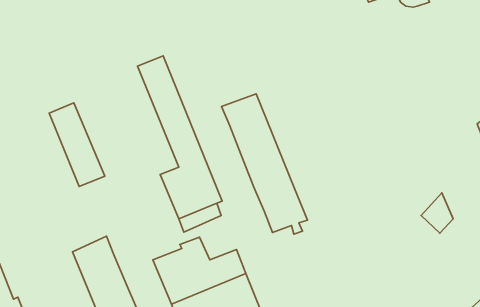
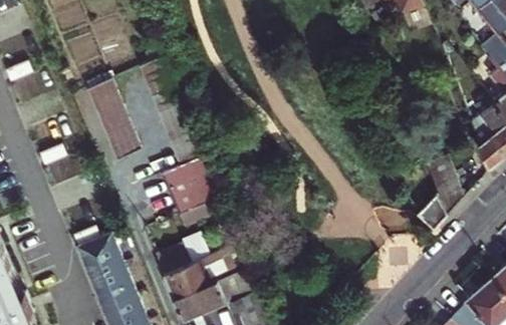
building: [221,94,307,234] -> none
building: [49,103,105,186] -> [86,79,141,160]
building: none -> [426,156,464,216]

